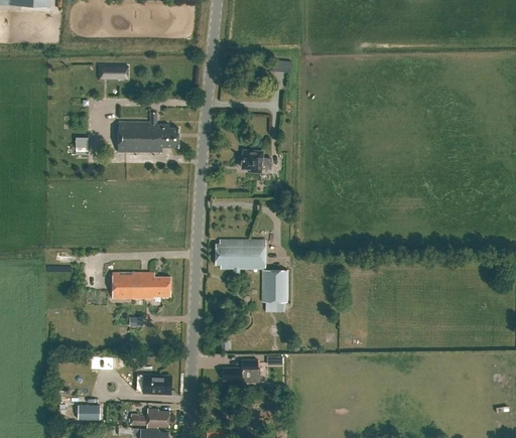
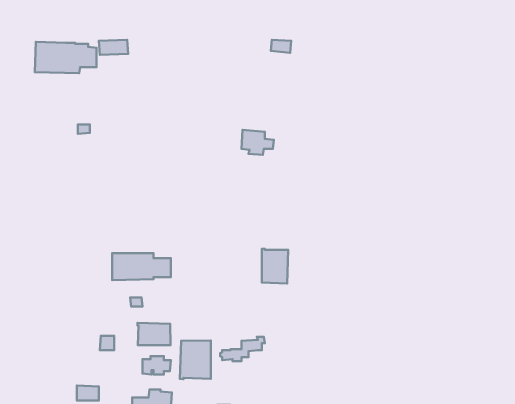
building: [118,123,179,154] -> [35,42,96,73]
building: [214,240,264,278] -> none
building: none -> [138,323,170,345]
building: none -> [180,341,211,379]

